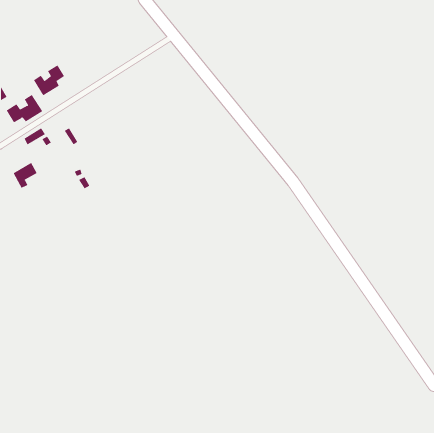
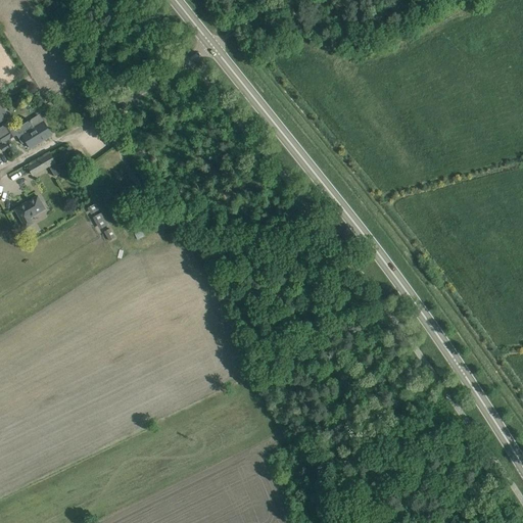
building: [33,65,65,96] -> none

